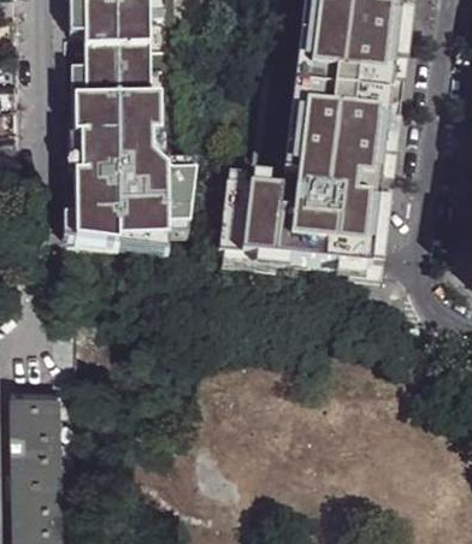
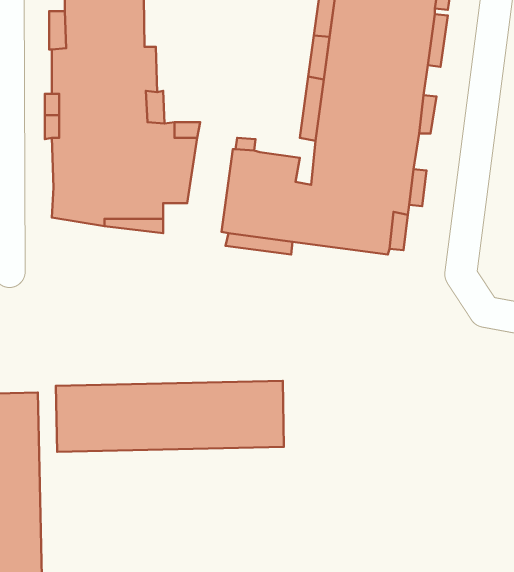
building: none -> [56,381,284,452]

